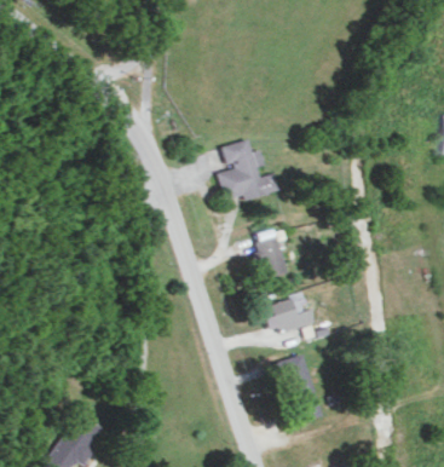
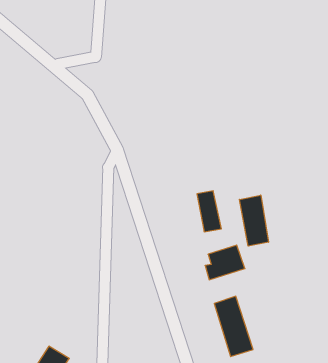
building: [218,139,277,200] -> none
building: none -> [239,195,268,246]

